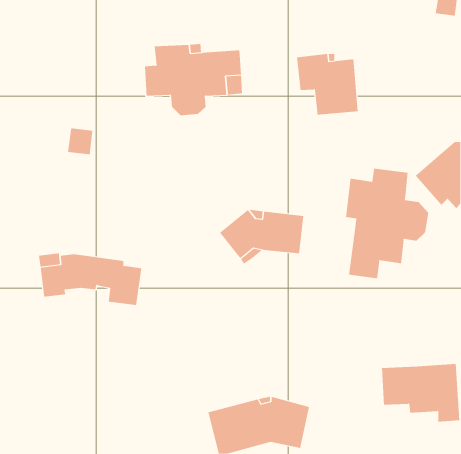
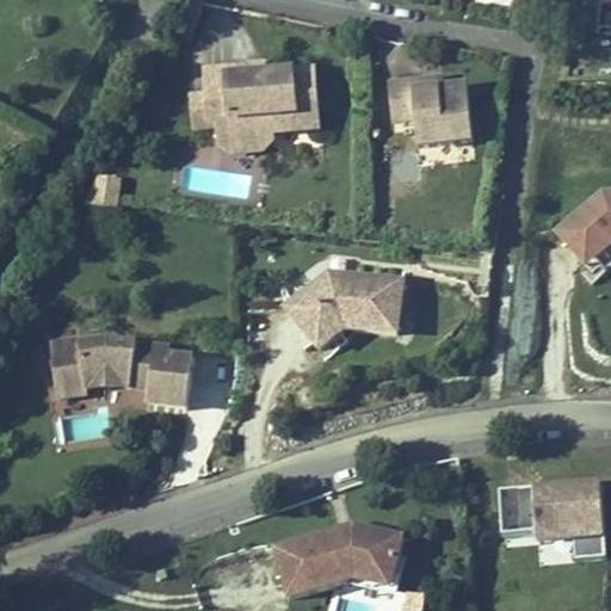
building: [346,168,429,279] -> none

